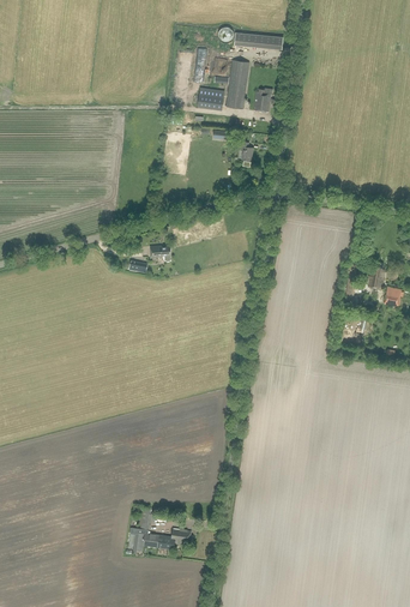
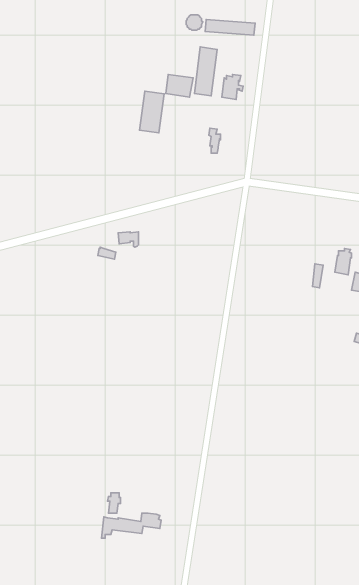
building: none -> [139,91,164,133]

